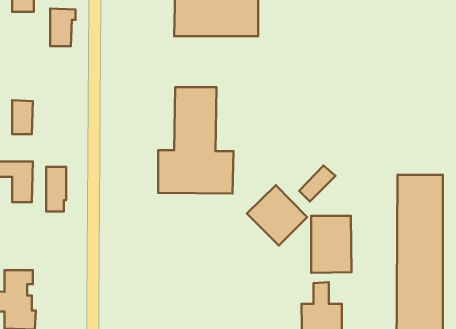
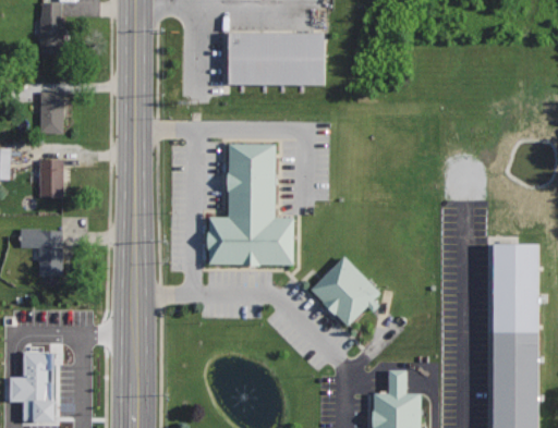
building: [50,8,75,46] -> [38,90,68,134]
building: [299,165,335,202] -> none
building: [46,167,66,211] -> none
building: [311,216,352,273] -> none

